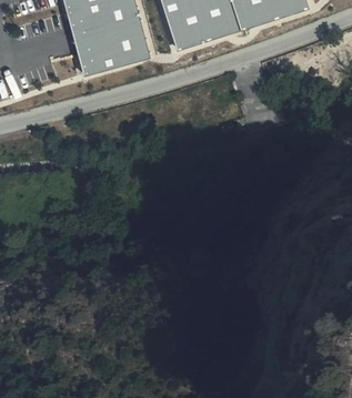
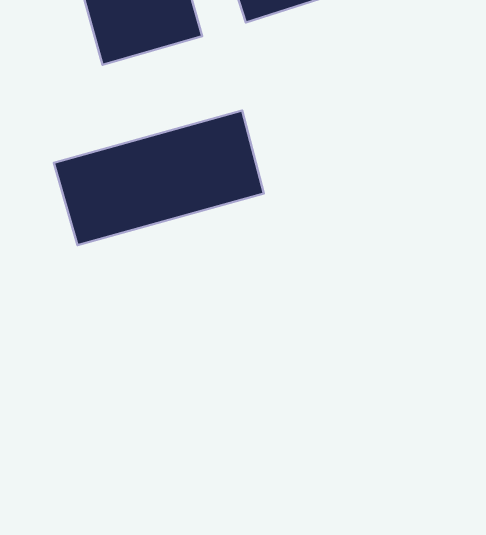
building: none -> [54,111,264,245]

